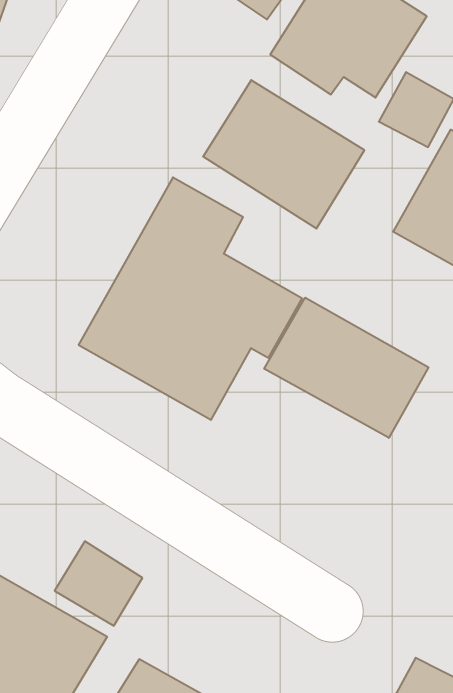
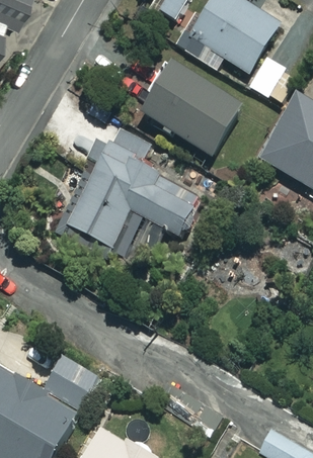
building: [264,298,428,438] -> none

